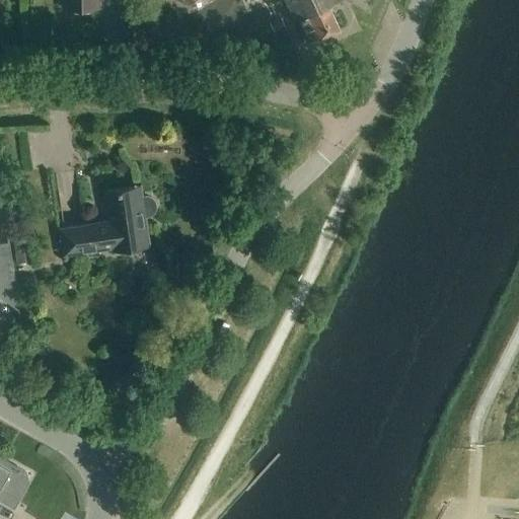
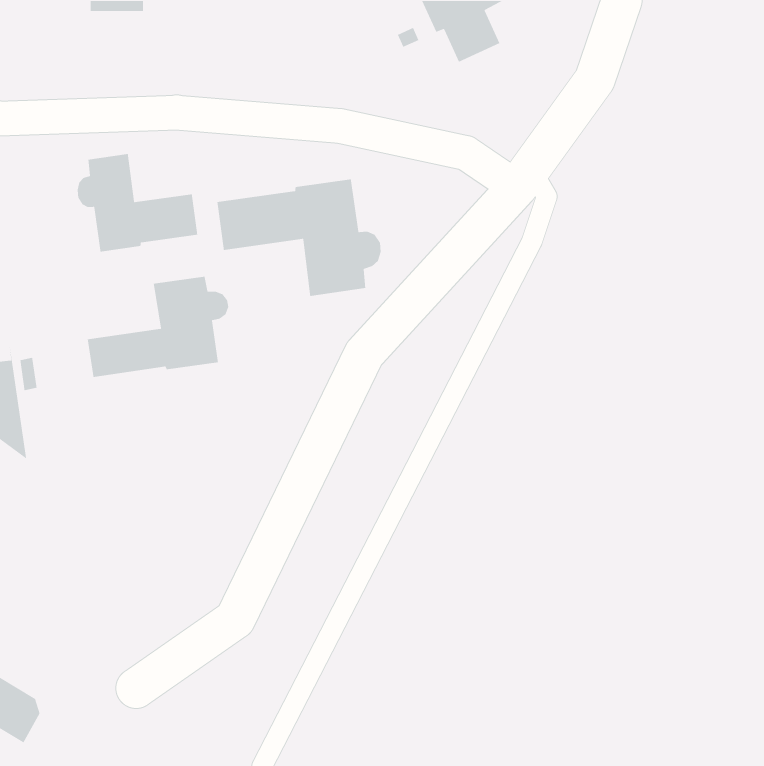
building: none -> [77,153,198,252]
building: none -> [217,178,382,297]

